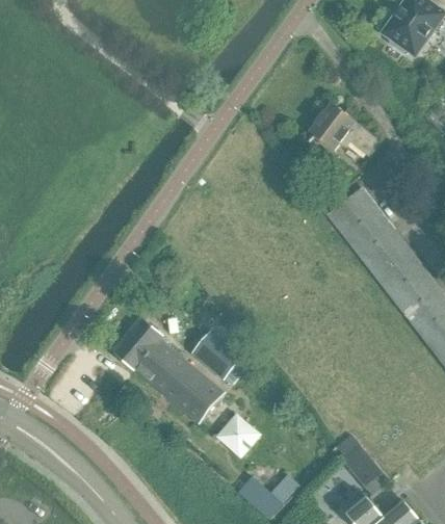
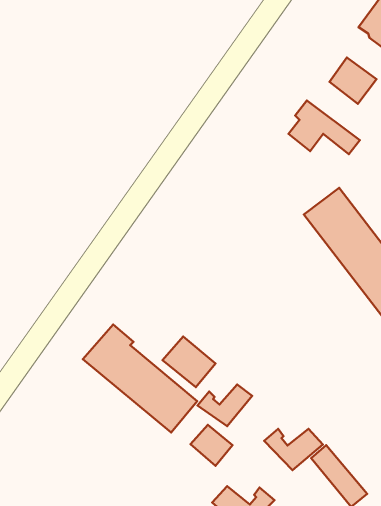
building: none -> [329,57,376,104]
building: none -> [197,384,252,426]
building: none -> [264,429,323,470]

